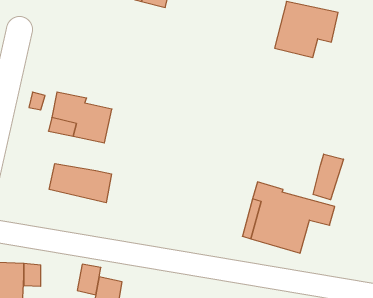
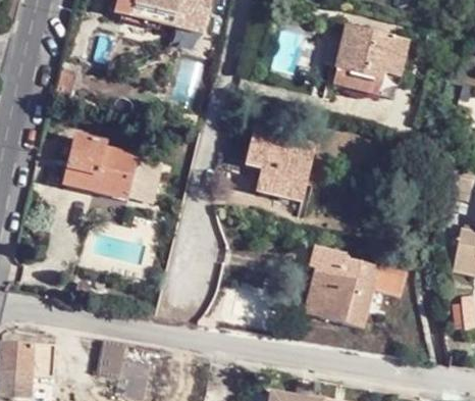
building: none -> [248,128,319,201]
building: [313,154,343,200] -> none
building: [49,164,111,203] -> none

